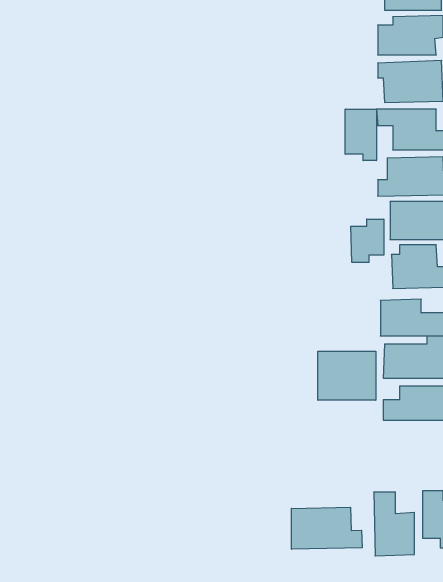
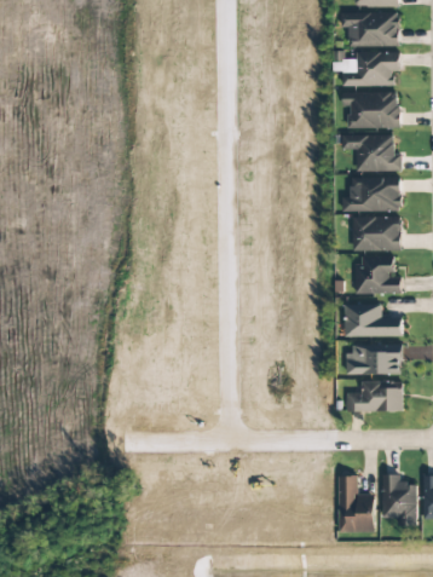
building: [345,109,376,161] -> none
building: [351,219,384,262] -> none
building: [318,351,376,400] -> none
building: [291,507,362,549] -> none

